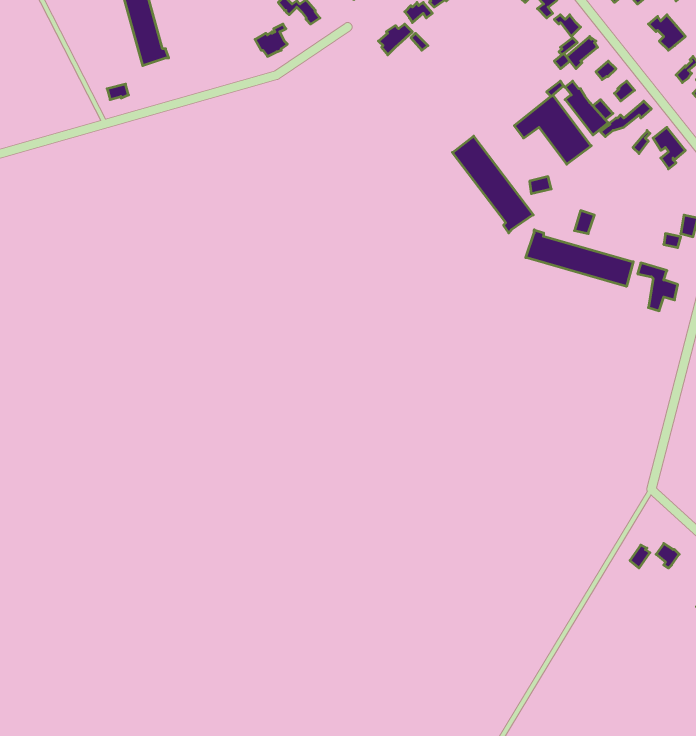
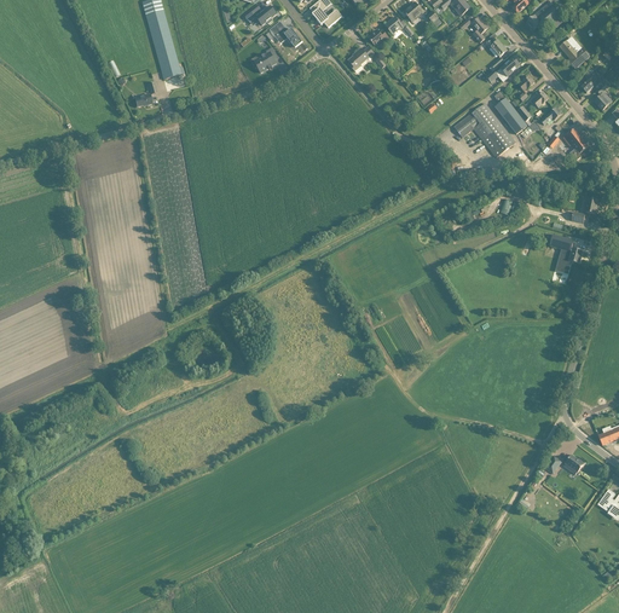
building: [452,136,533,233] -> none
building: [526,230,633,286] -> none

